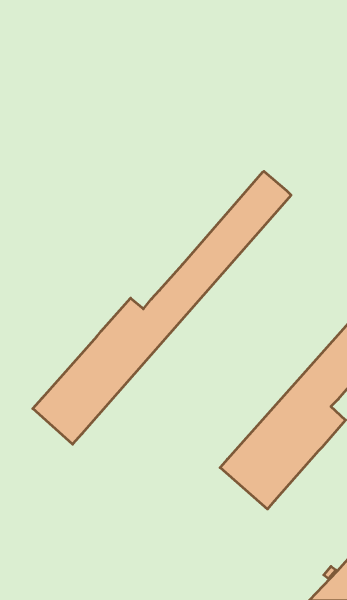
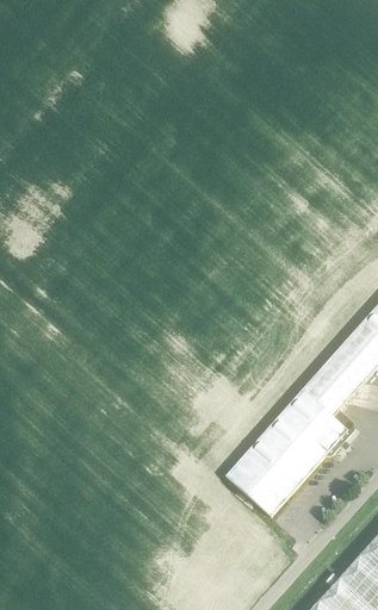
building: [33,171,291,444] -> none

